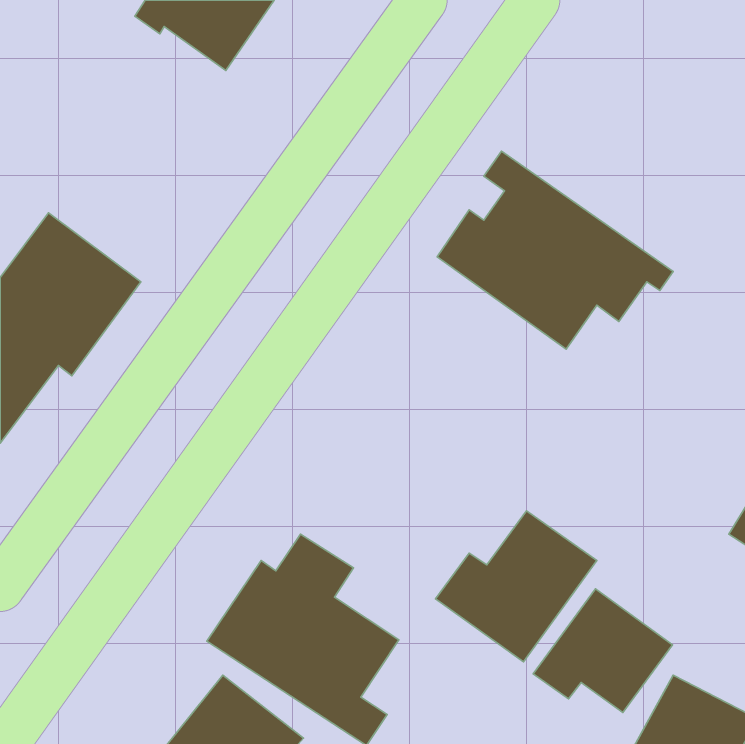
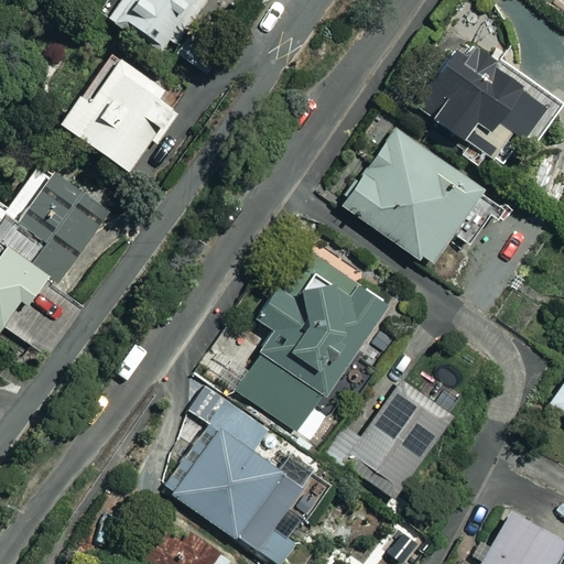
building: none -> [414,37,534,160]
building: none -> [58,56,181,173]
building: none -> [236,258,387,432]
building: [533,589,673,712] -> none

